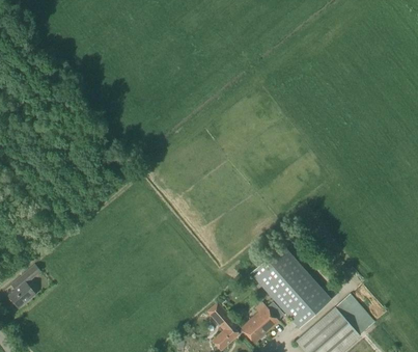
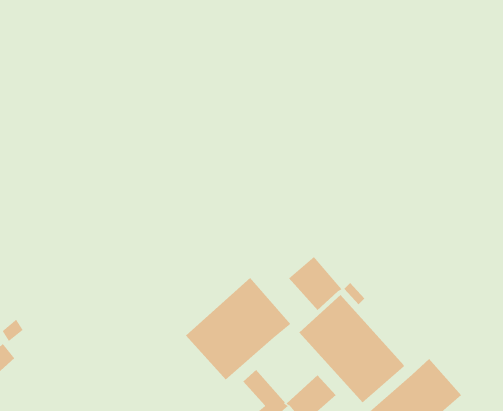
building: none -> [288,256,343,311]
building: none -> [185,277,291,381]

